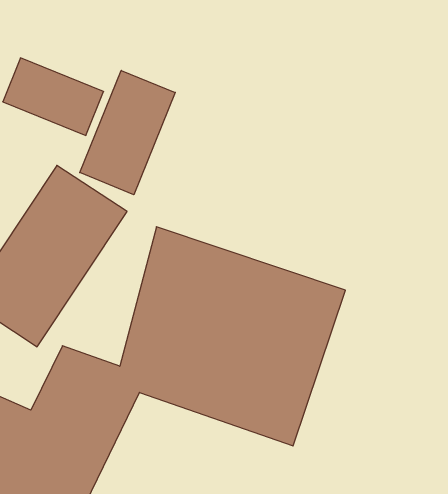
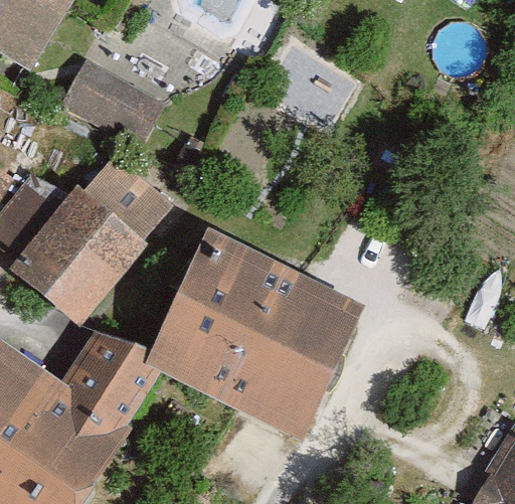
building: [80,70,175,195] -> none

